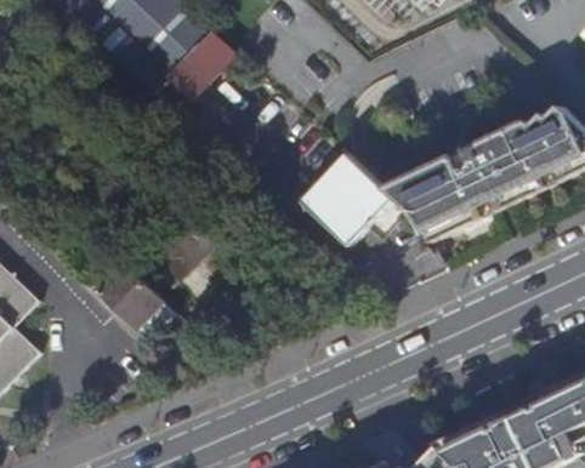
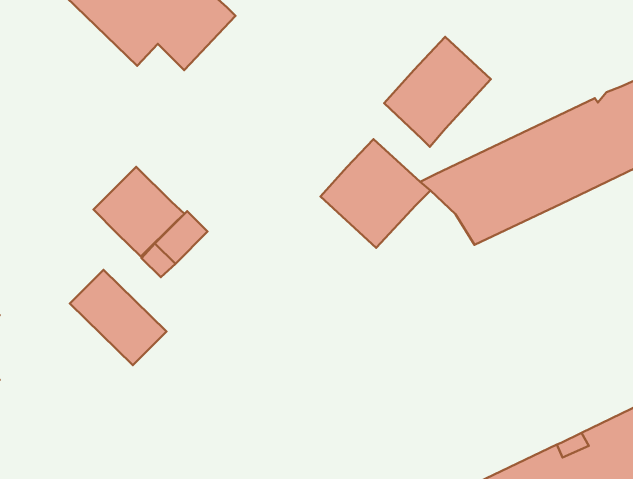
building: none -> [384,37,491,147]
building: none -> [94,167,185,256]

